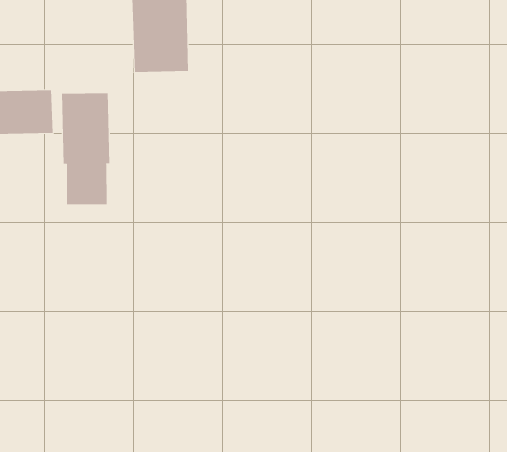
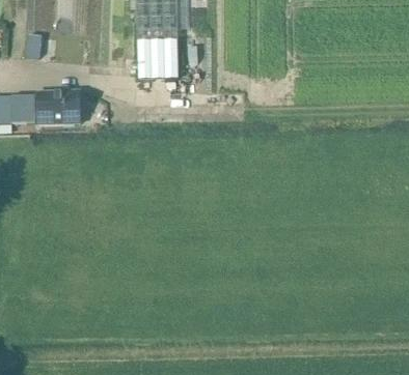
building: [62,93,110,205] -> none

